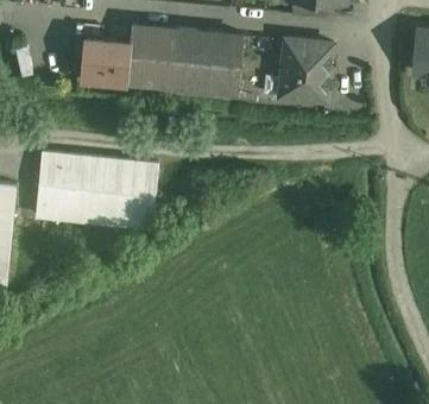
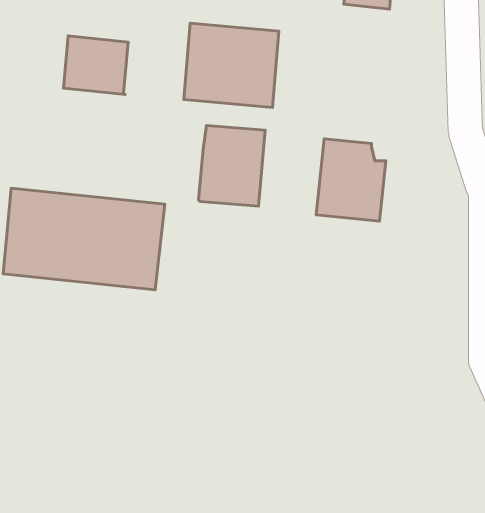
building: [126,25,176,86] -> [198,125,265,206]
building: [279,38,332,100] -> [316,139,386,221]

